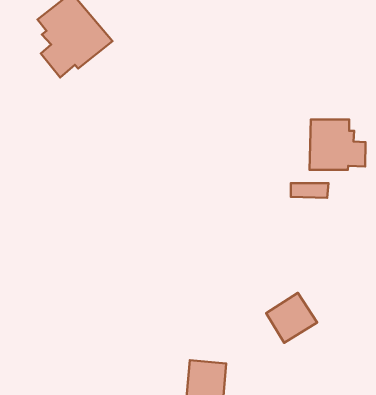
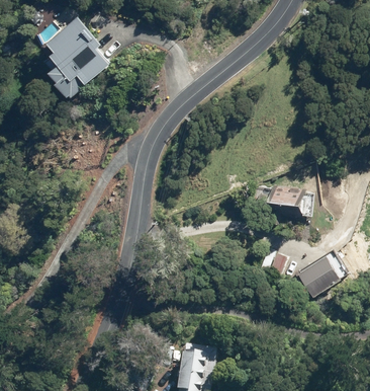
building: [309,120,365,170] -> none
building: [266,293,317,343] -> [293,253,339,298]

